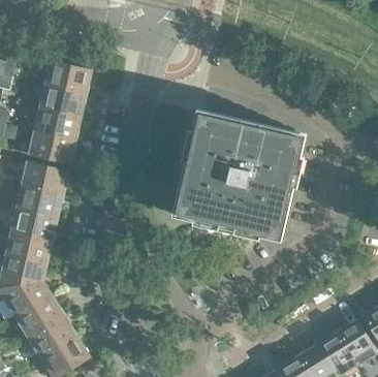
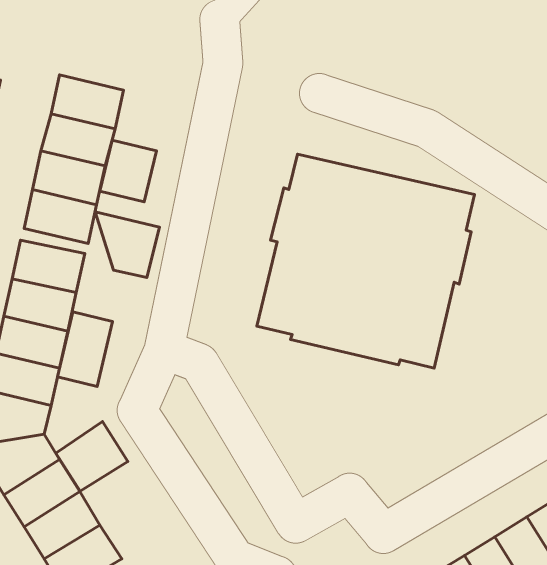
building: none -> [100,140,156,202]
building: none -> [95,212,160,278]
building: none -> [58,312,113,386]
building: none -> [56,422,128,491]

